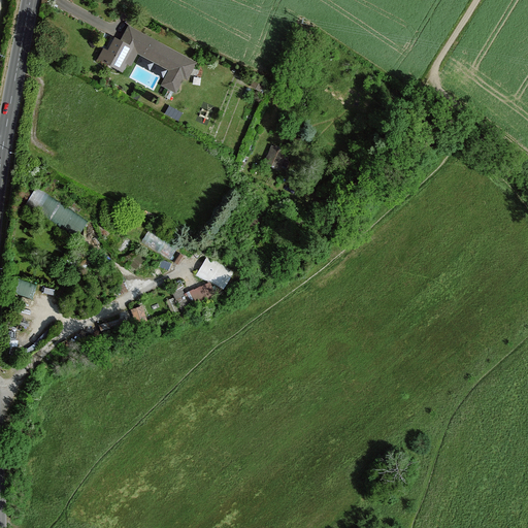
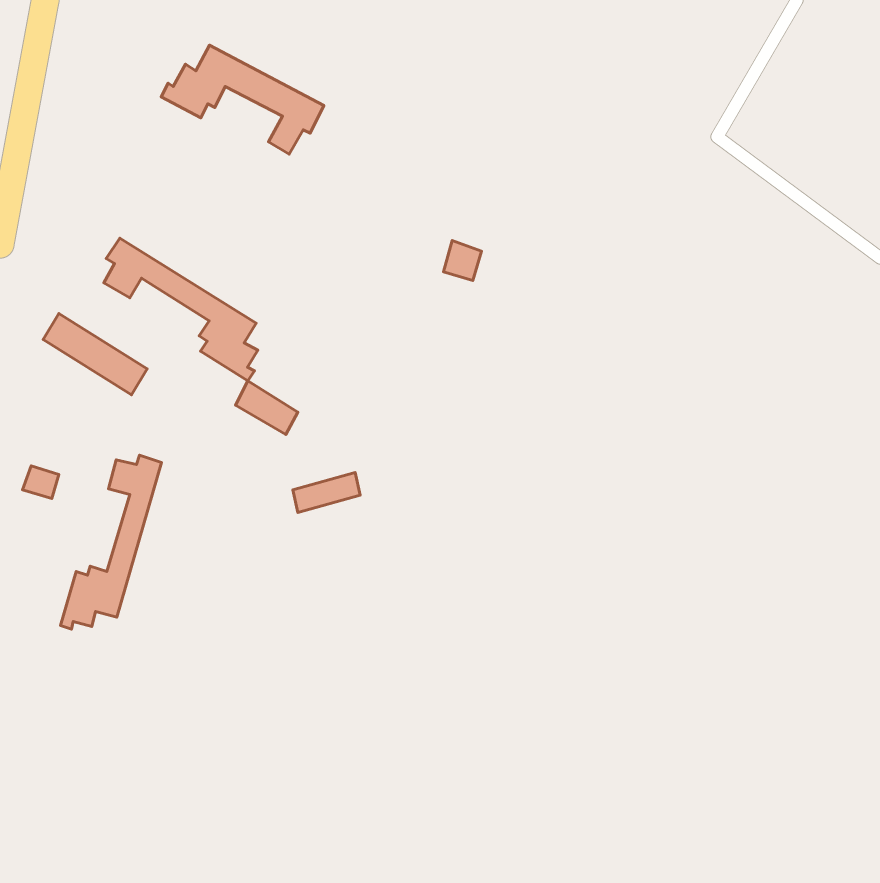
building: none -> [104,238,258,381]
building: [195,256,233,290] -> none
building: none -> [61,455,162,629]

